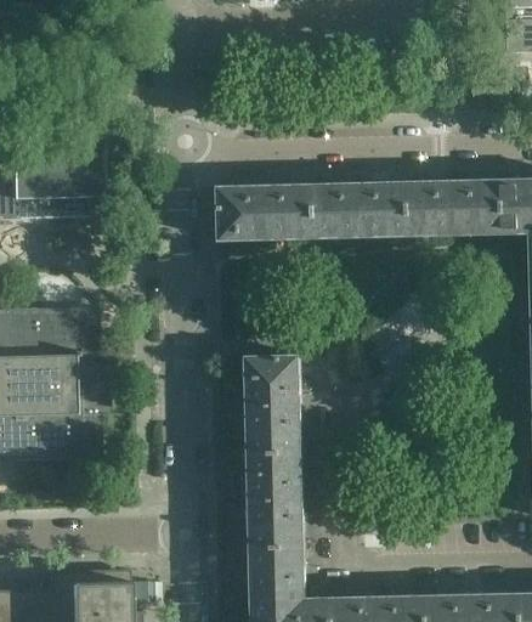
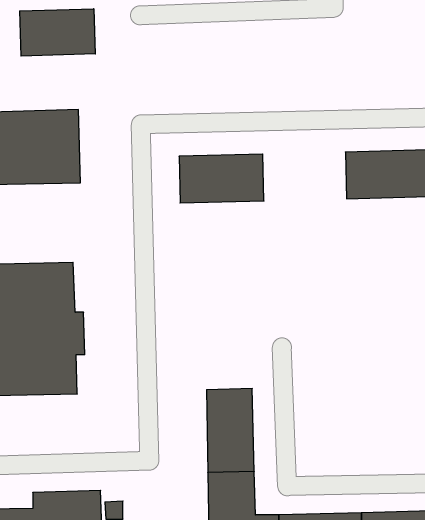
building: none -> [20,9,95,56]
building: [311,182,407,238] -> none
building: [244,355,299,454] -> none

